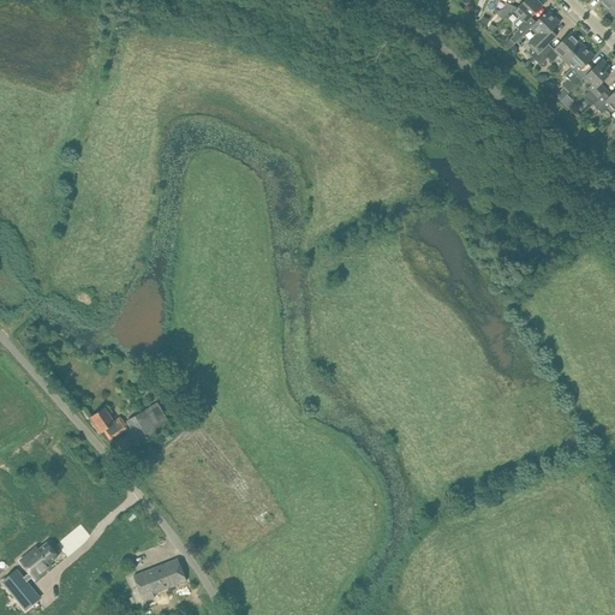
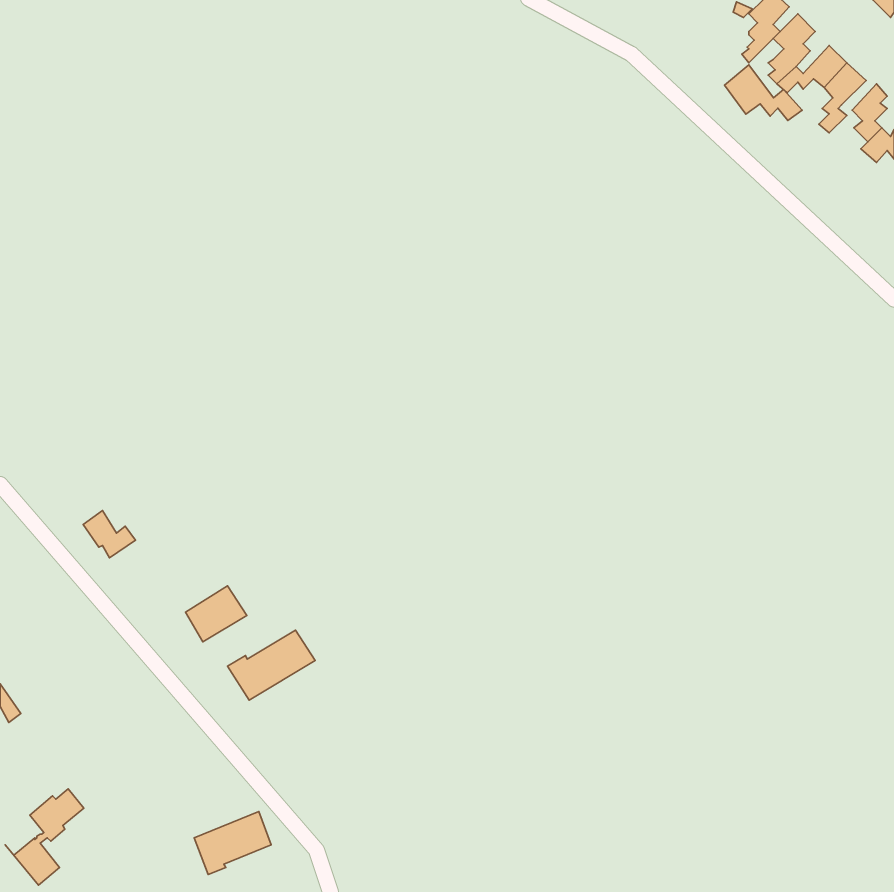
building: none -> [724,65,802,120]
building: [91,406,127,438] -> [83,511,136,558]
building: none -> [228,630,315,700]

